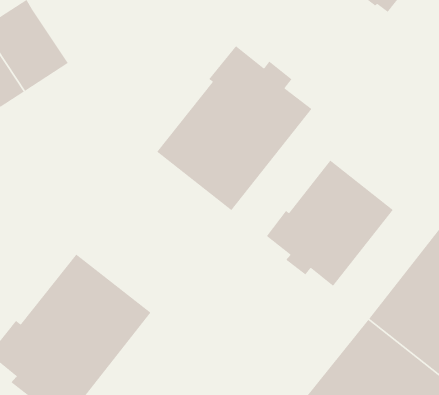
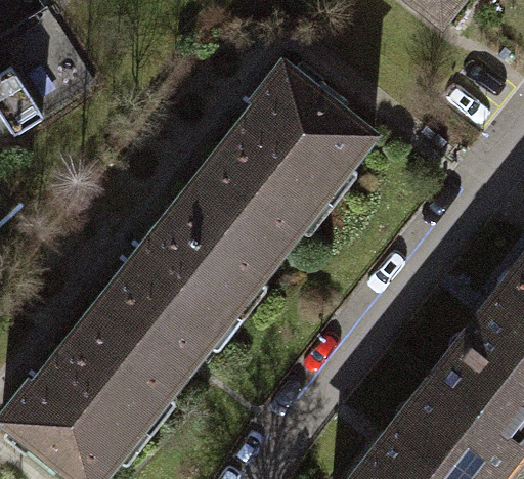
building: none -> [97,186,274,369]
building: [266,159,394,287] -> none

